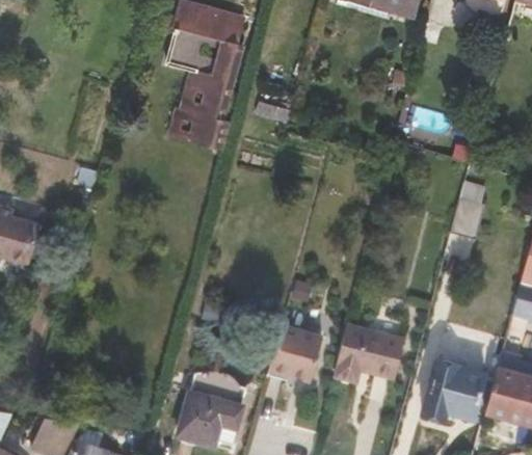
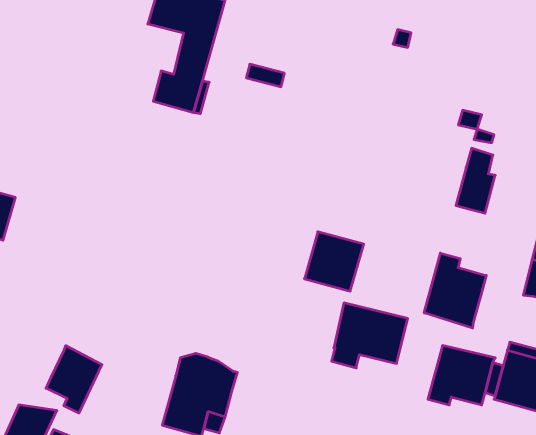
building: none -> [424,253,486,328]
building: [268,324,323,379] -> [304,232,364,291]
building: none -> [46,346,102,413]

